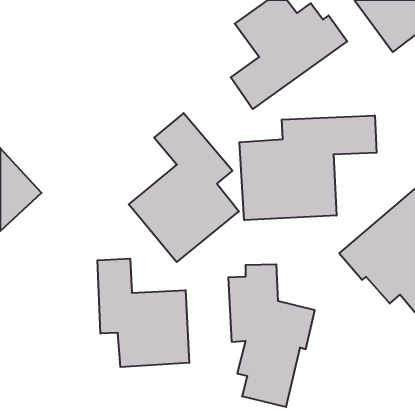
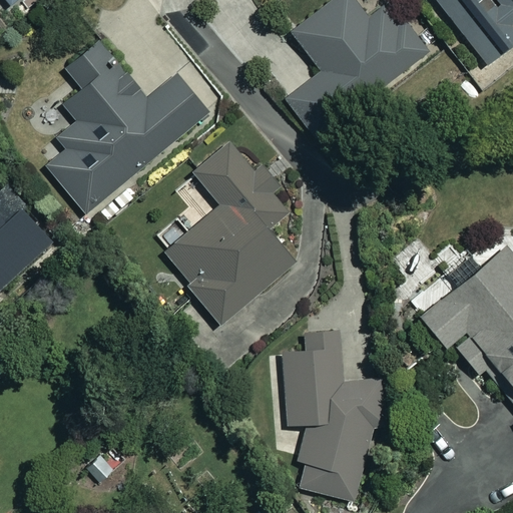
building: none -> [46,47,208,213]
building: [239,115,377,220] -> none
building: [97,259,189,367] -> none

